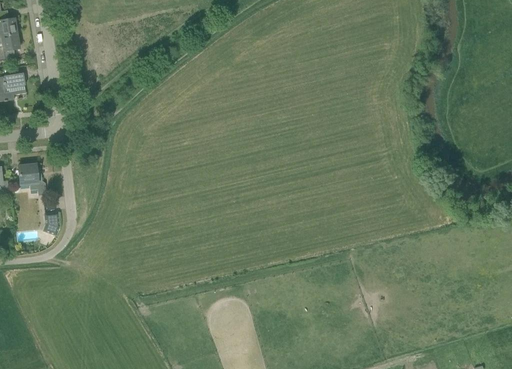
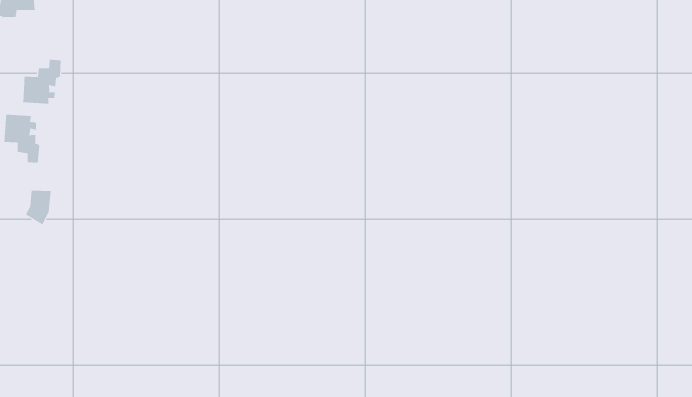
building: none -> [23,59,61,105]

